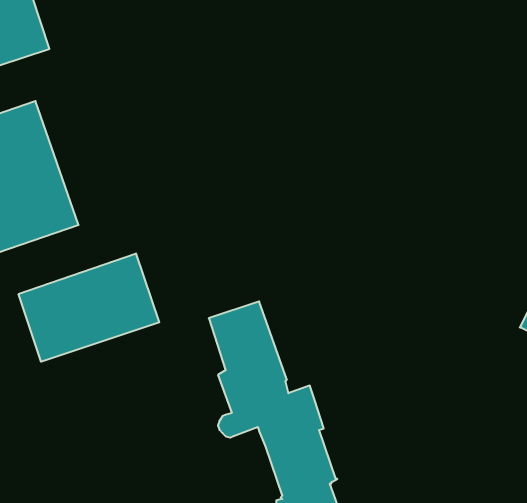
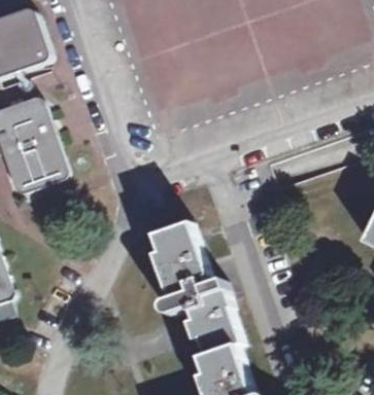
building: [19,253,159,362] -> none

